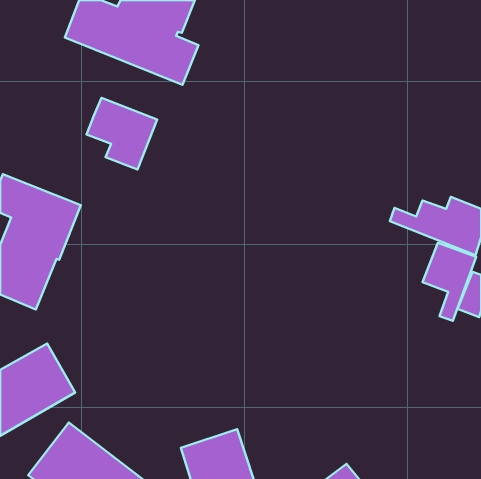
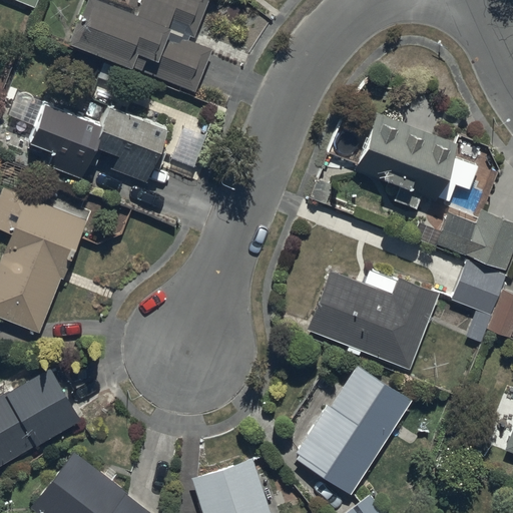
building: none -> [29,102,100,178]
building: none -> [355,114,458,202]
building: none -> [308,272,440,372]
building: none -> [296,366,411,495]

